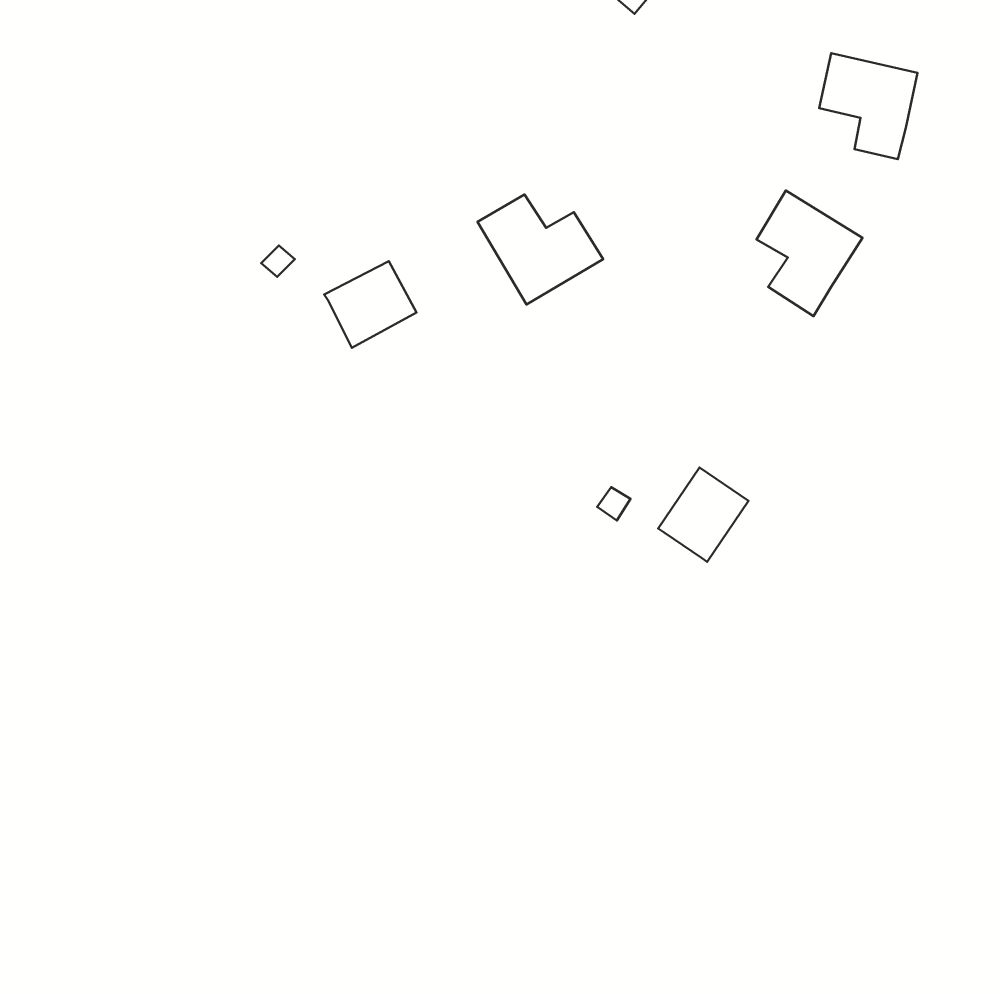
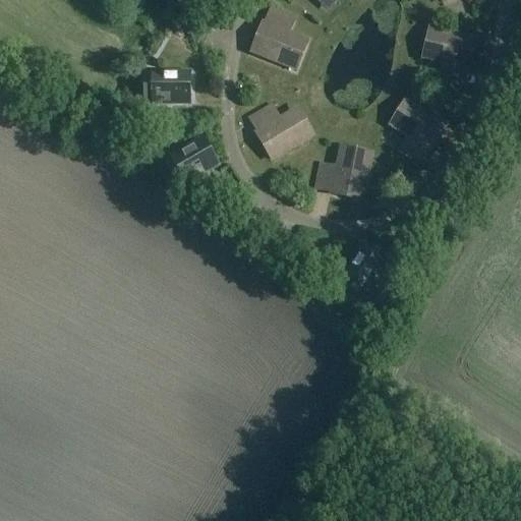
building: none -> [252,4,306,67]
building: none -> [151,71,188,102]
building: none -> [312,148,371,198]

